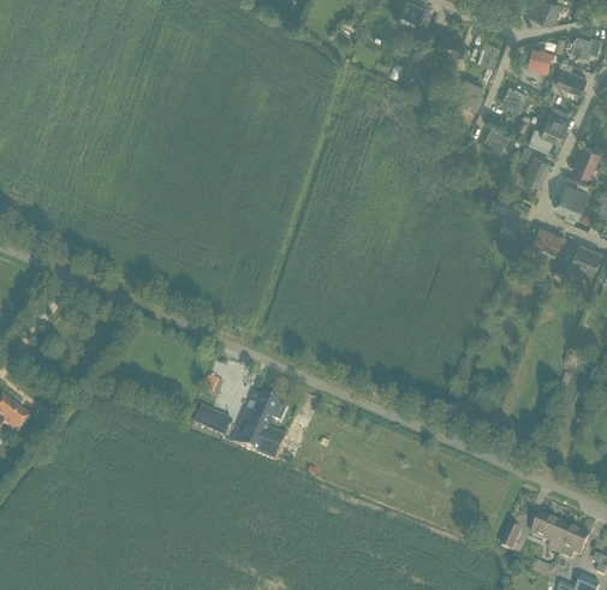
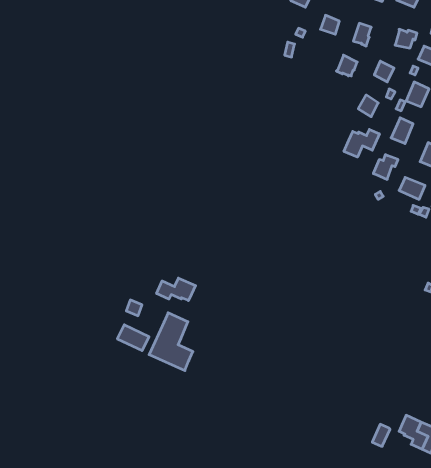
building: none -> [344,129,379,157]
building: none -> [157,278,196,301]

